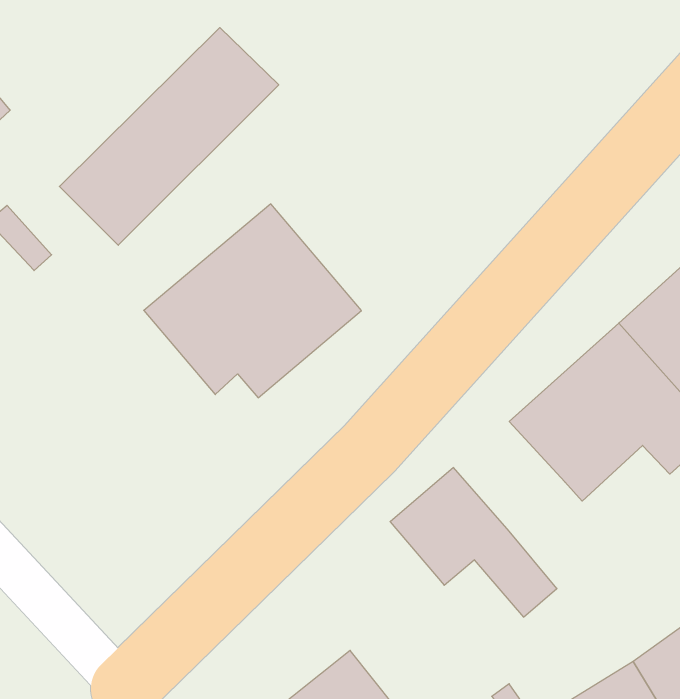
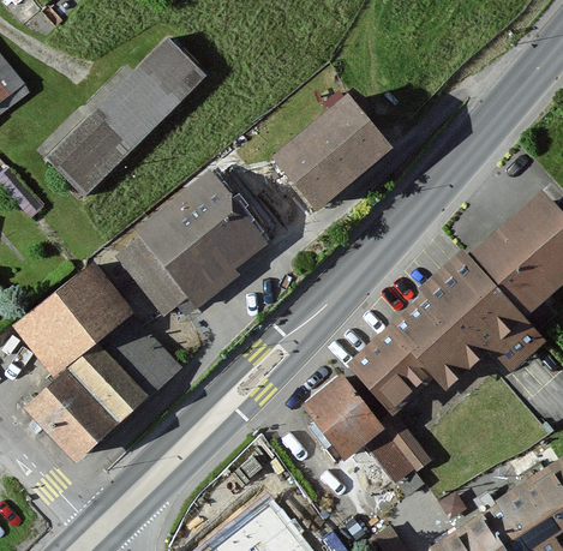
building: none -> [265,91,394,217]
building: none -> [16,256,191,457]
building: none -> [346,331,430,414]

